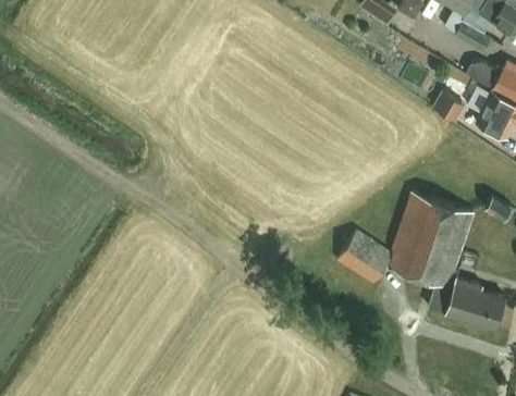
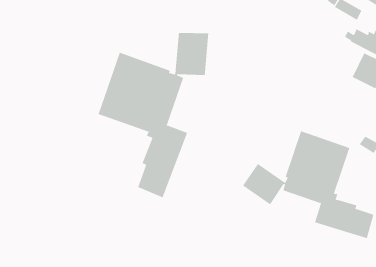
building: none -> [98,32,209,198]
building: [433,85,470,122] -> none

